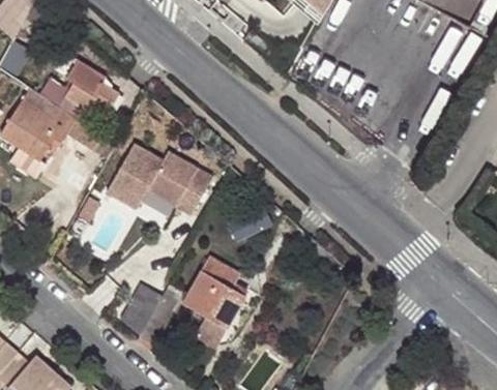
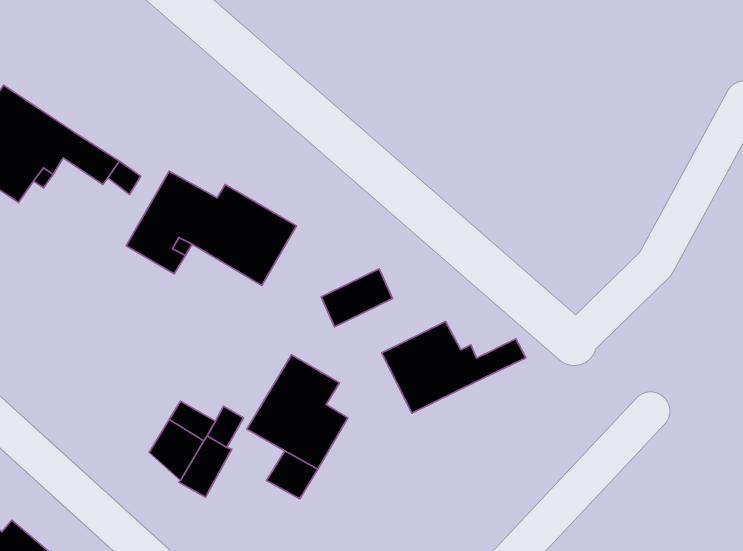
building: [68,60,120,110] -> none
building: none -> [382,322,526,413]

